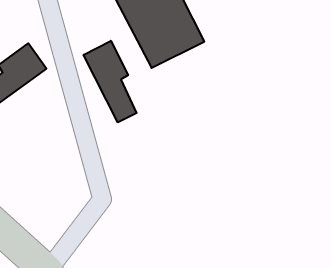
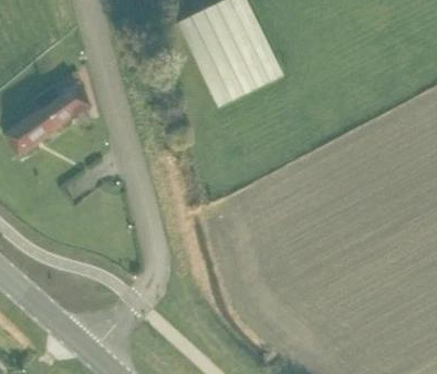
building: [84,41,137,122] -> none

